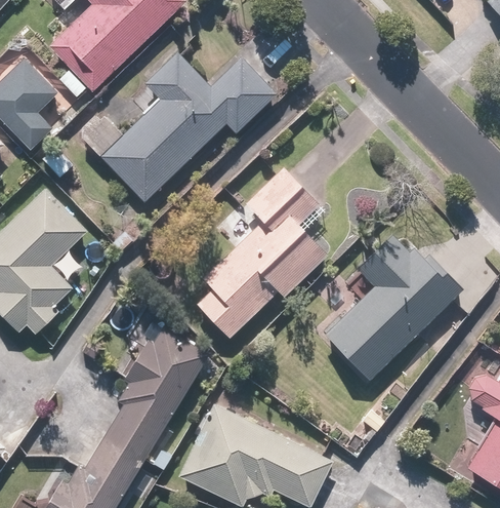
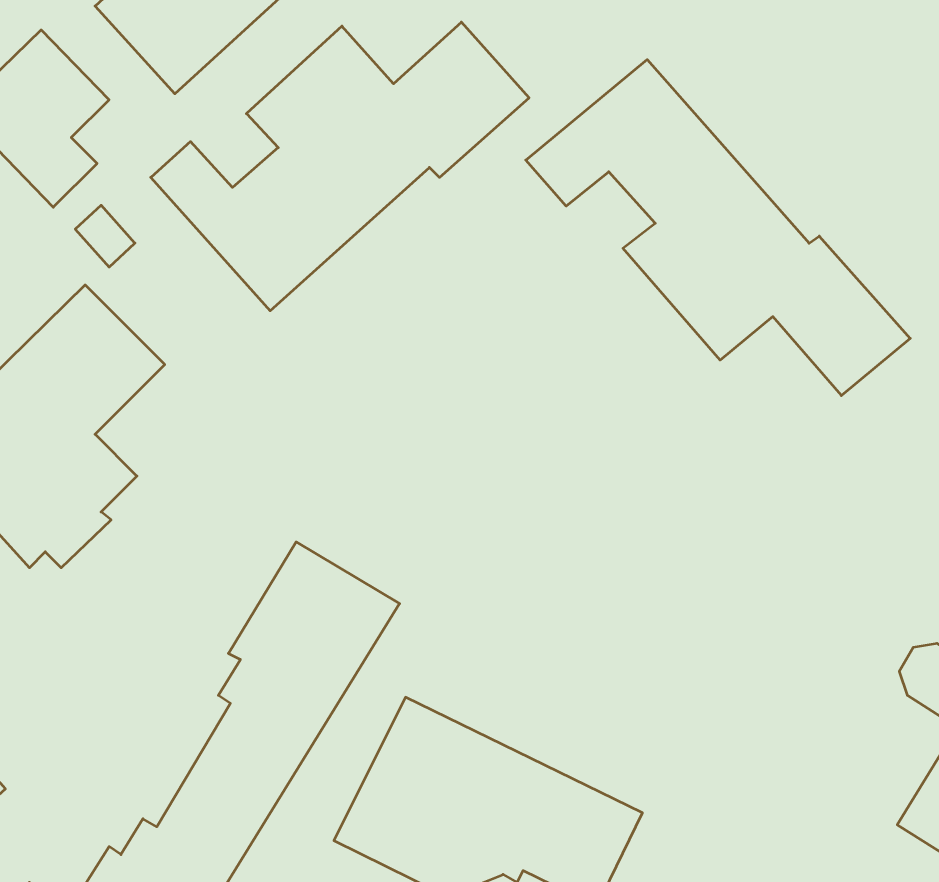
building: none -> [526,60,910,396]
building: [196,165,331,341] -> none
building: [324,233,464,381] -> none

